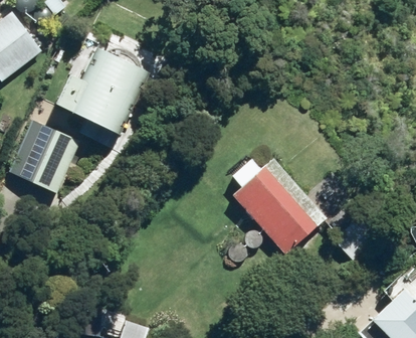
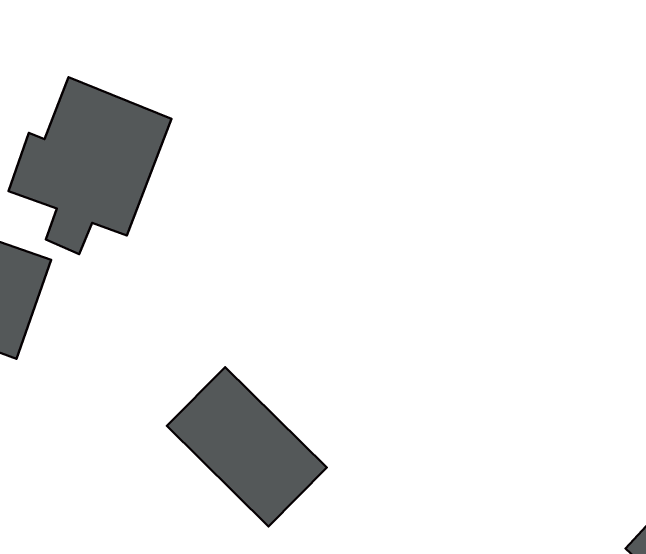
building: [234,166,318,252] -> [167,367,327,527]

